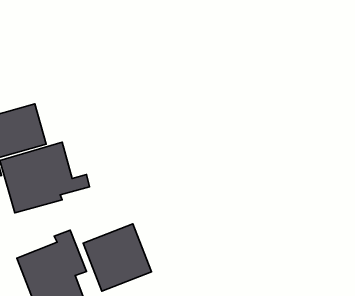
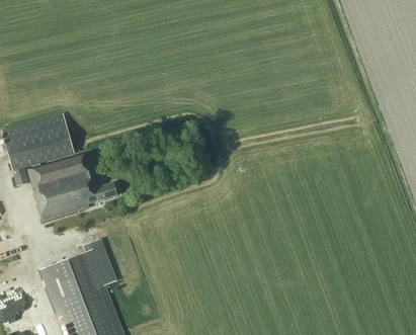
building: [83,224,151,291] -> none

